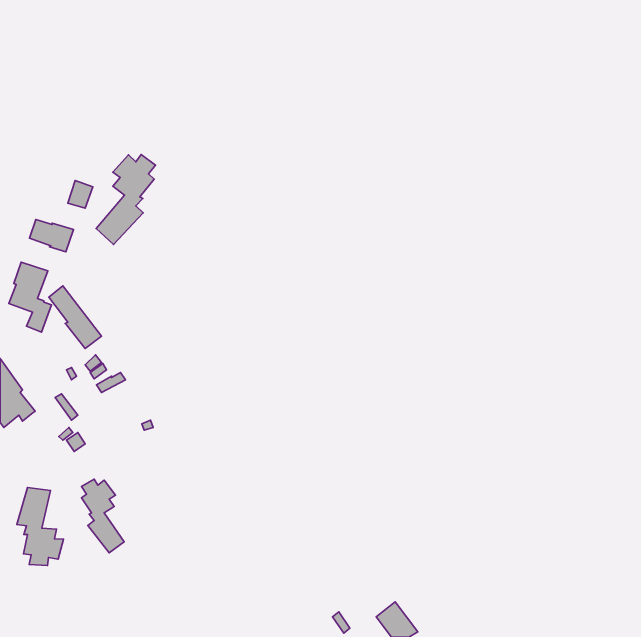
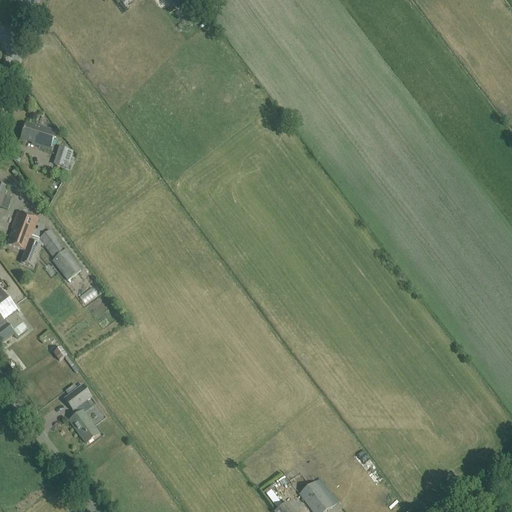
building: [96,154,156,244] -> none
building: [29,219,73,252] -> [21,121,56,147]
building: [17,487,64,565] -> none

